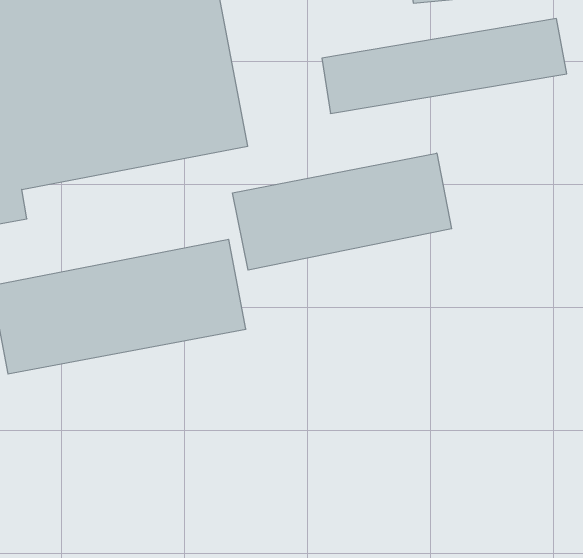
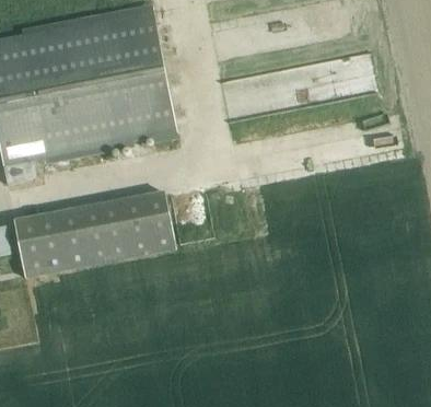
building: [233,153,452,270] -> none

